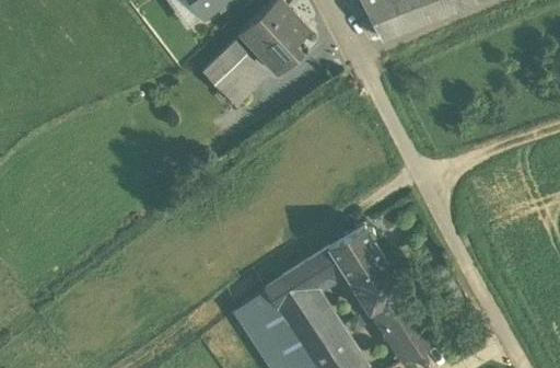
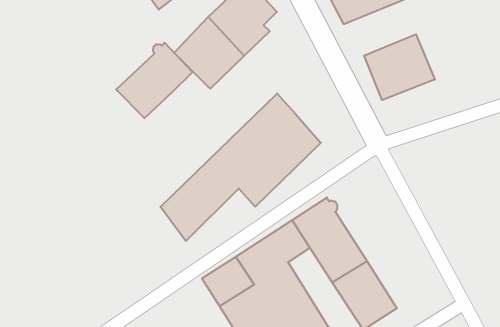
building: none -> [364,34,435,100]
building: none -> [116,43,193,118]
building: none -> [160,93,321,241]

